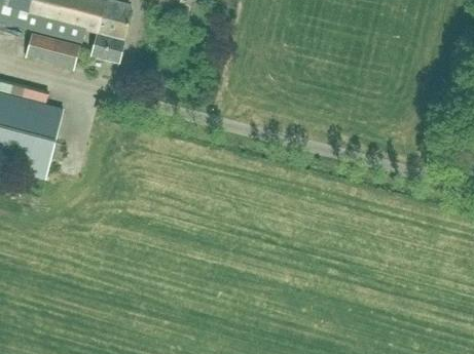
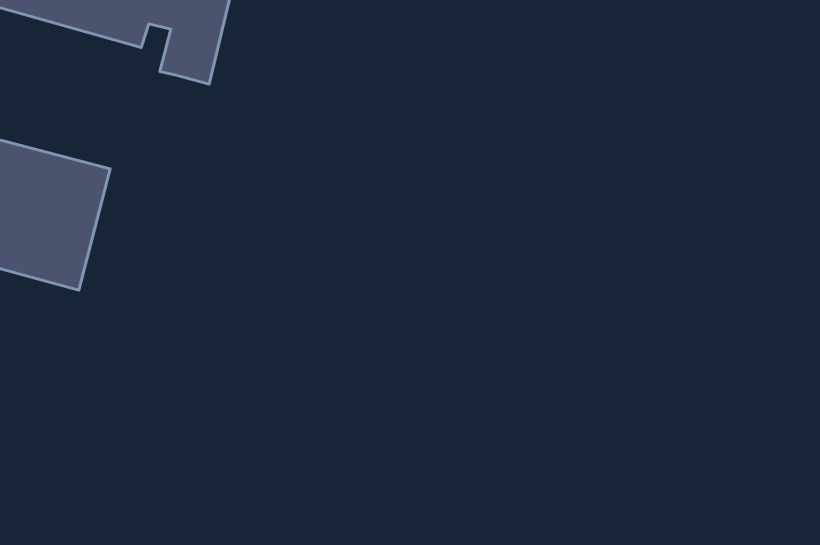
building: [25,33,79,70] -> none

